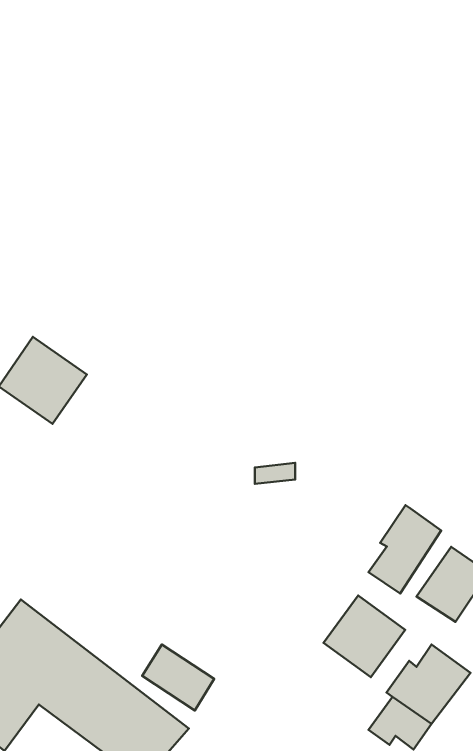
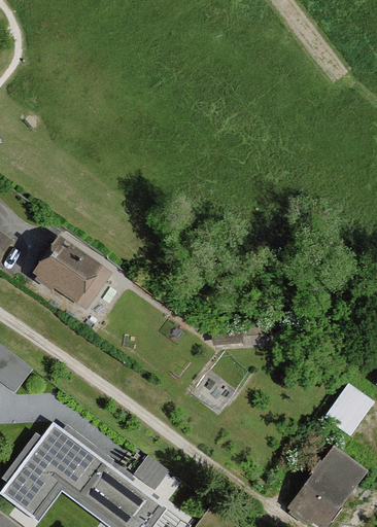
building: [368,505,441,594] -> none
building: [324,595,405,677] -> none

